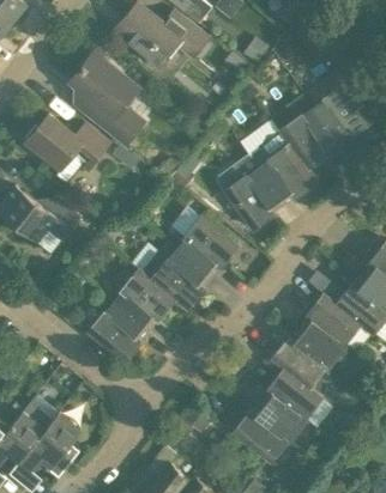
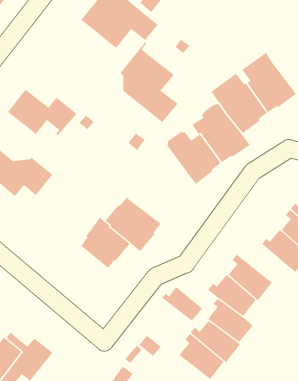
building: [72,45,143,144] -> [119,41,179,123]
building: [176,217,237,276] -> none
building: [301,294,360,346] -> none
building: [86,303,147,363] -> none
building: none -> [161,286,203,322]

